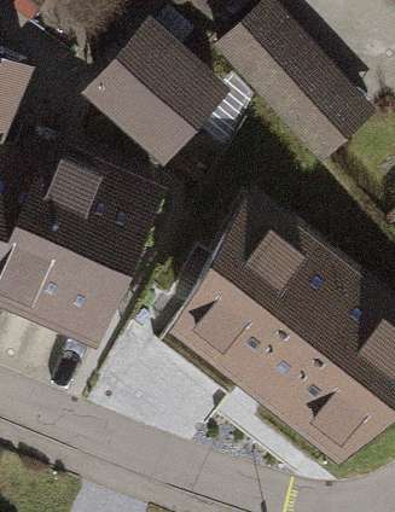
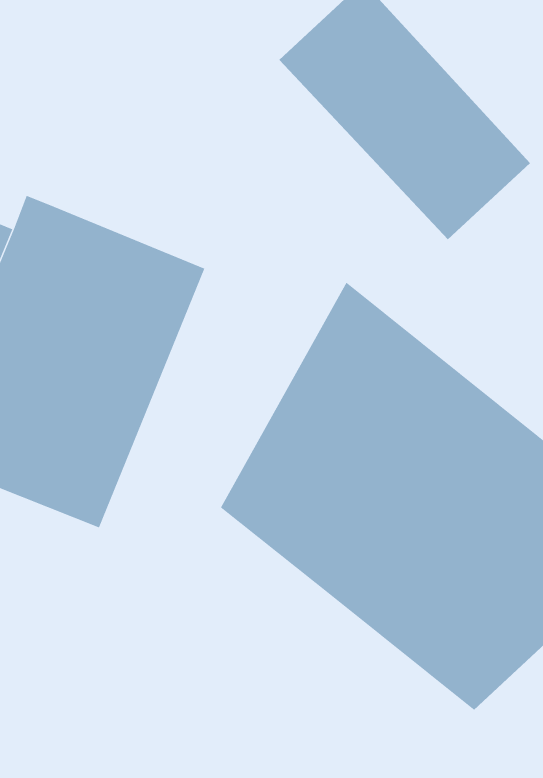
building: [85,21,231,164] -> none

